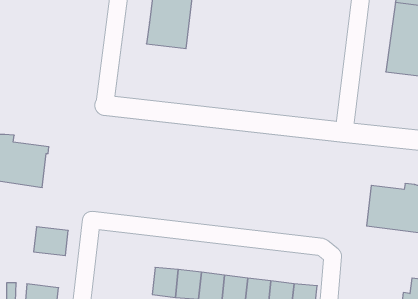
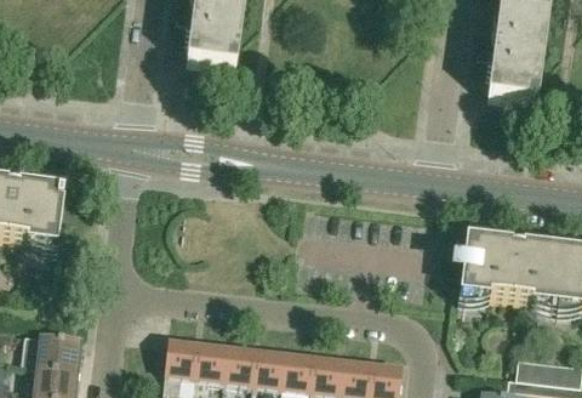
building: [34,227,68,256] -> [36,334,80,370]
building: none -> [165,341,198,379]

